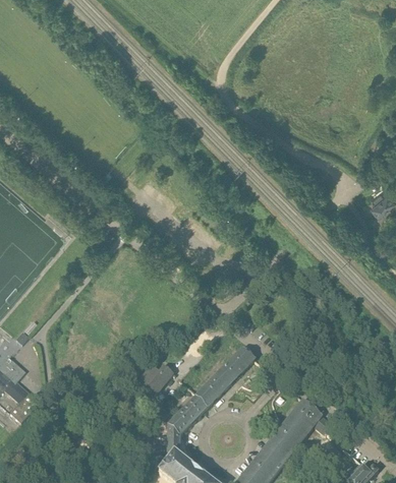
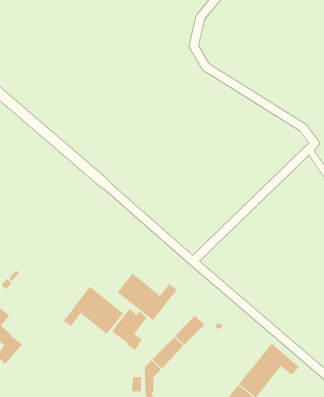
building: none -> [117,273,177,321]
building: none -> [63,286,124,335]
building: [223,346,256,377] -> none

